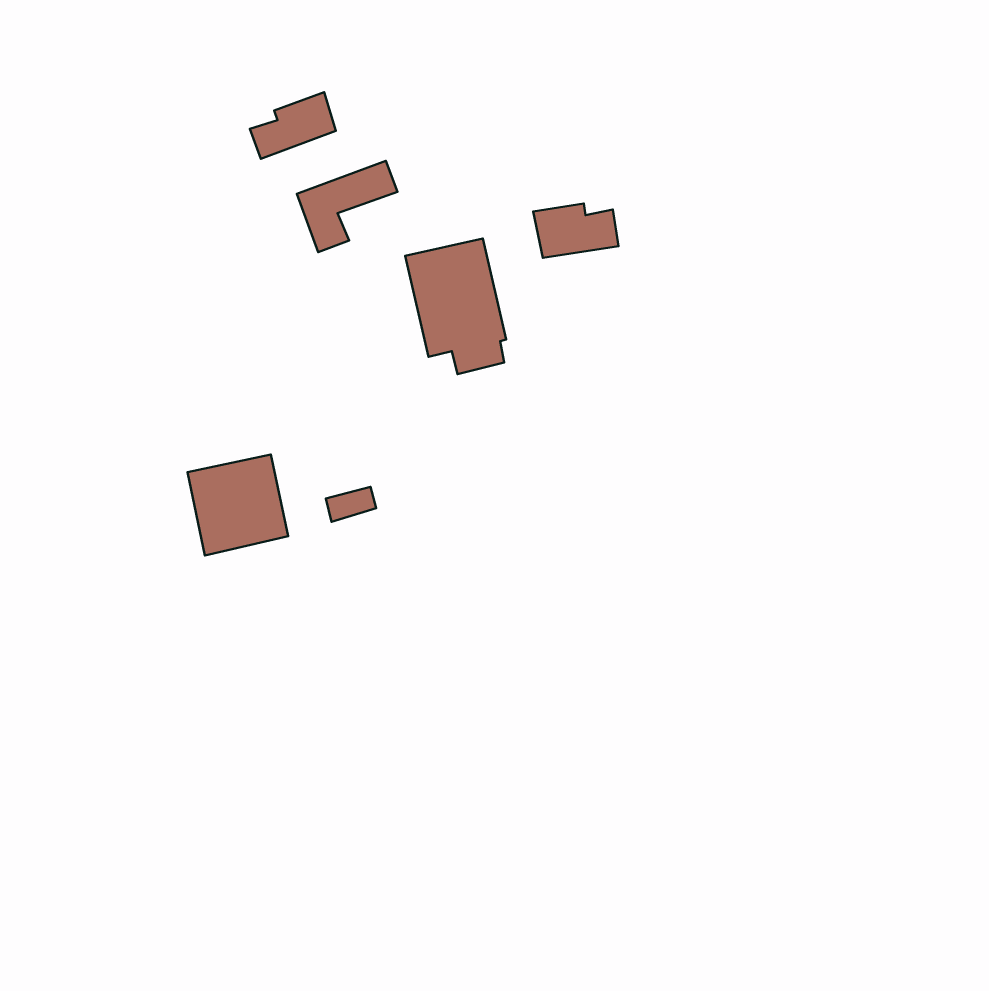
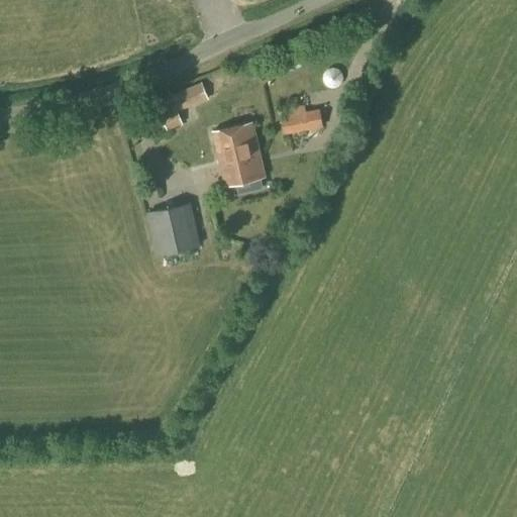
building: [250,92,336,159] -> none
building: [187,455,288,555] -> [147,203,200,255]

